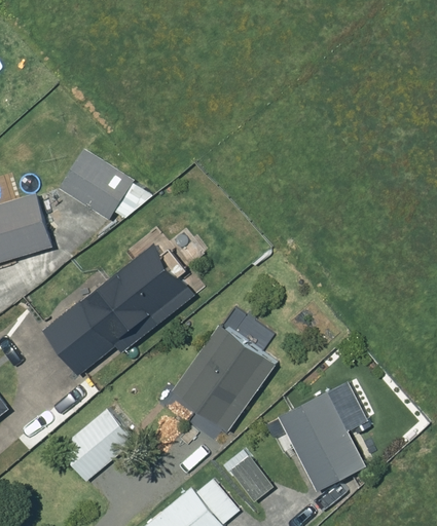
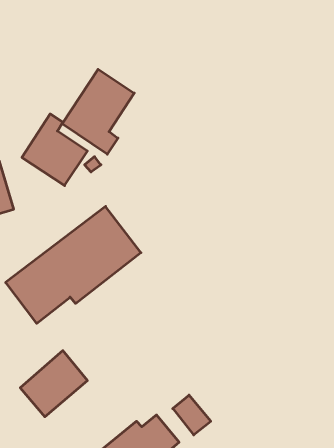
building: none -> [62,69,134,154]
building: [171,326,275,431] -> none
building: [278,390,365,490] -> none

